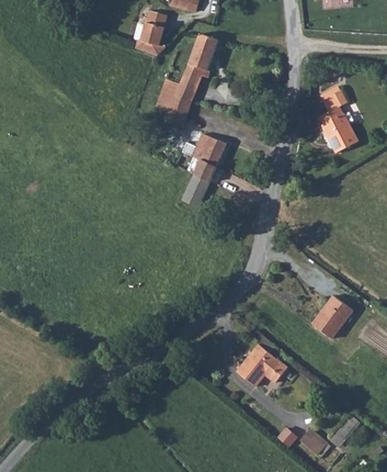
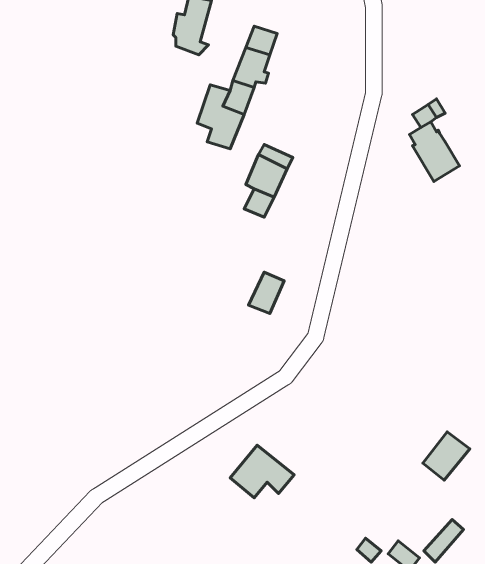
building: [180,175,207,206] -> [249,272,284,314]
building: [314,300,350,337] -> [423,432,470,480]
building: [237,346,286,386] -> [230,445,294,498]

